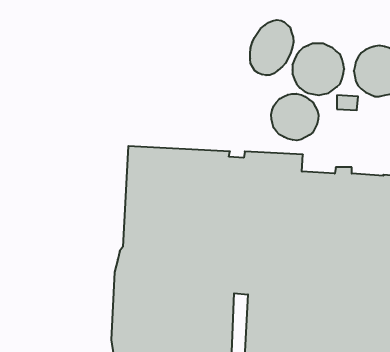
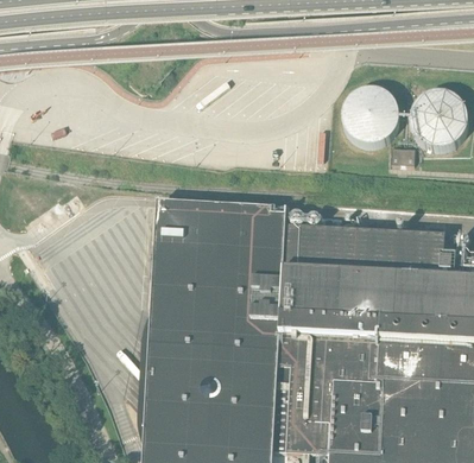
building: [250,20,293,75] -> none
building: [271,94,319,140] -> none

